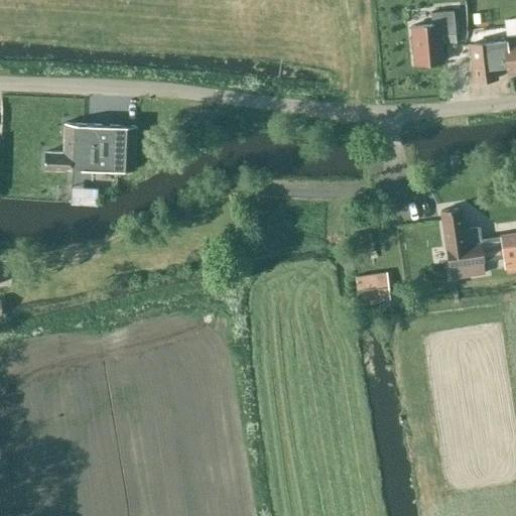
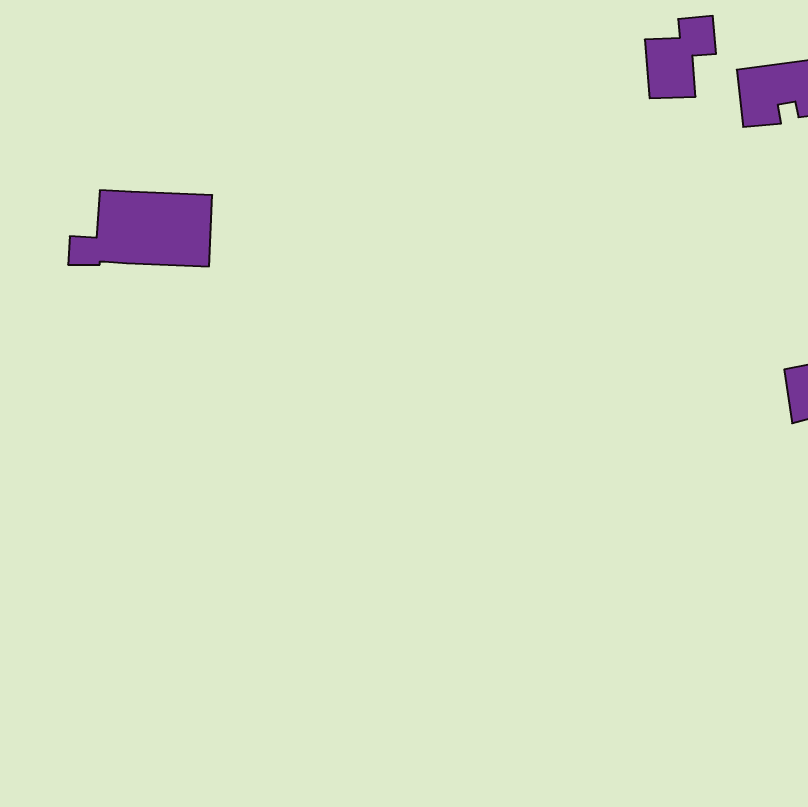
building: [441,211,493,267] -> none
building: [357,275,380,305] -> none

